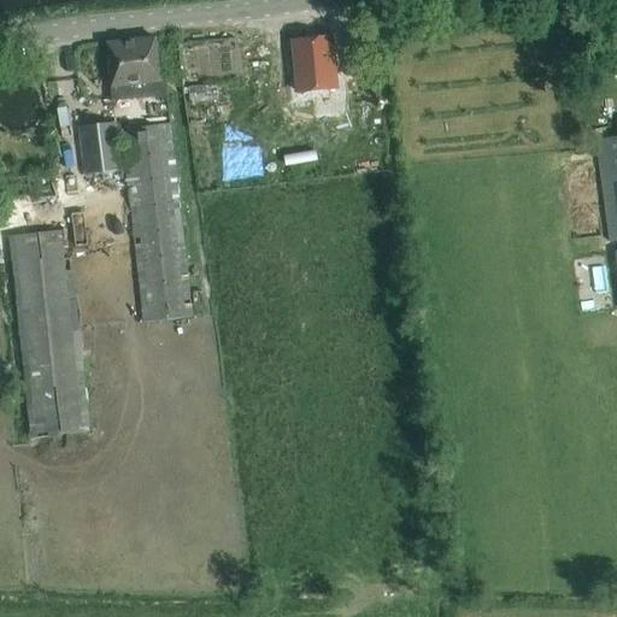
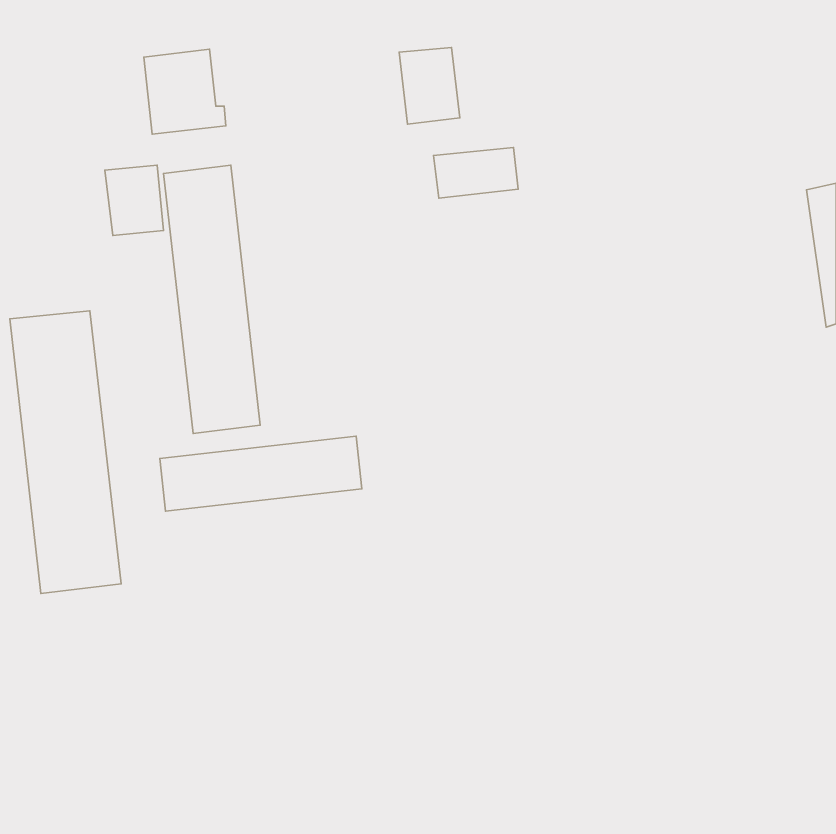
building: none -> [434,148,518,198]
building: none -> [160,436,362,511]

